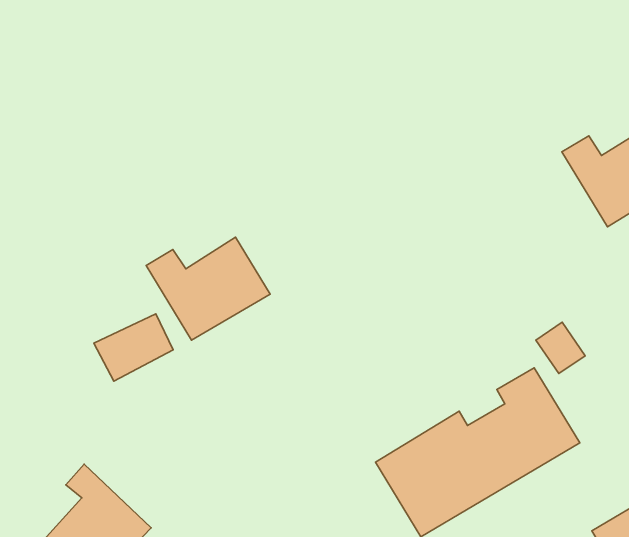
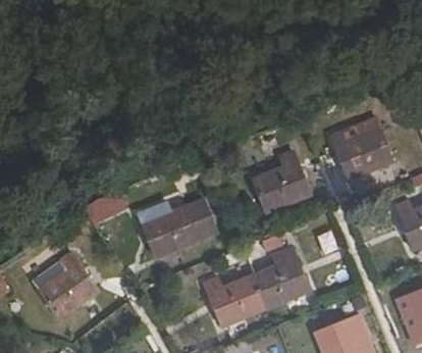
building: none -> [261,148,320,209]
building: [146,237,270,340] -> [149,202,211,252]

